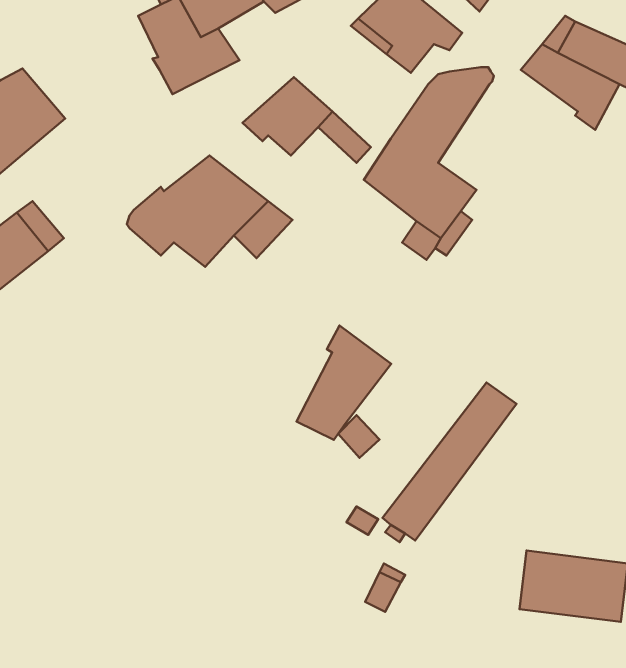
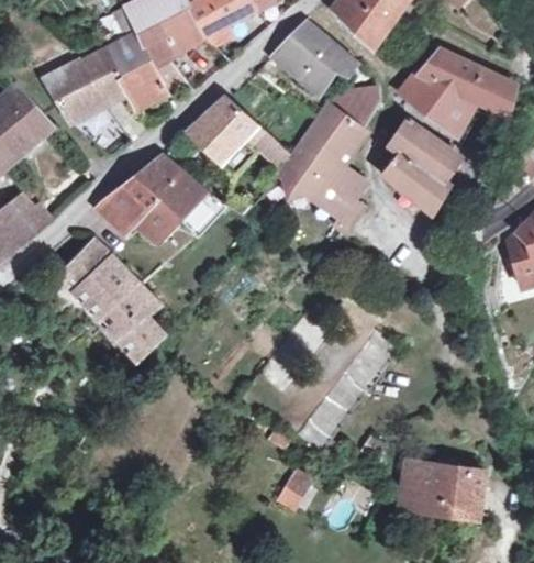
building: none -> [42,48,127,153]
building: none -> [383,120,455,213]
building: none -> [58,236,165,358]
building: [296,325,391,440] -> none

